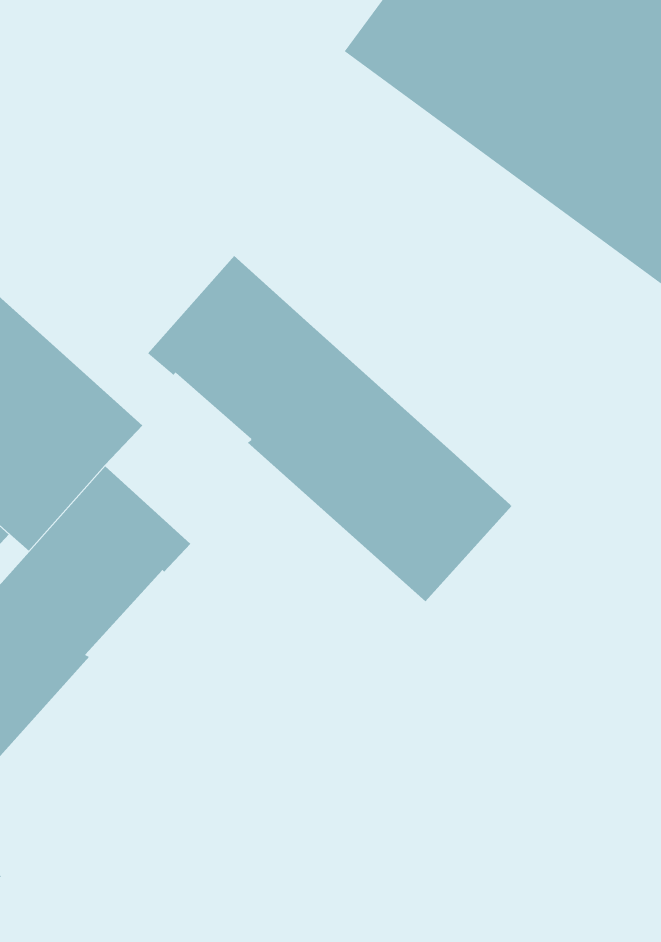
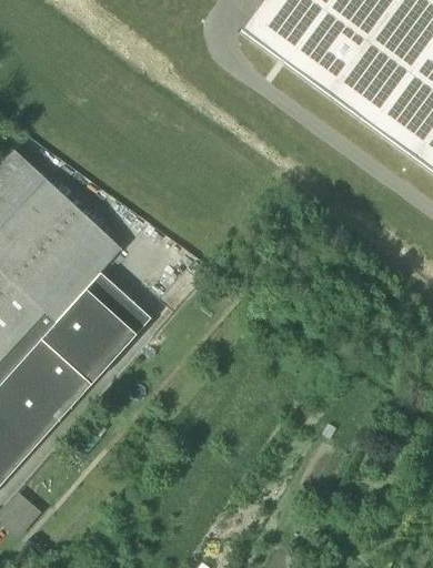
building: [147,255,513,602] -> none

